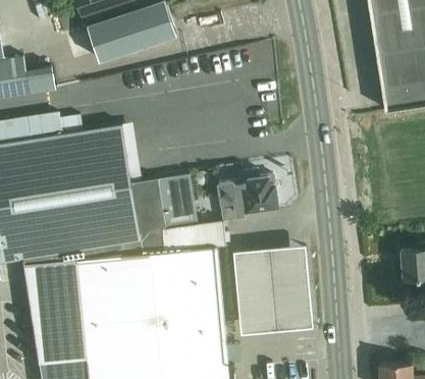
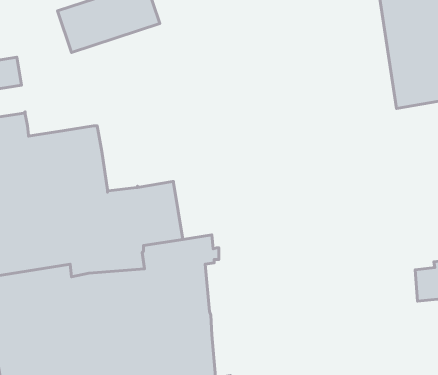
building: [219,172,278,222] -> none
building: [234,240,314,329] -> none

